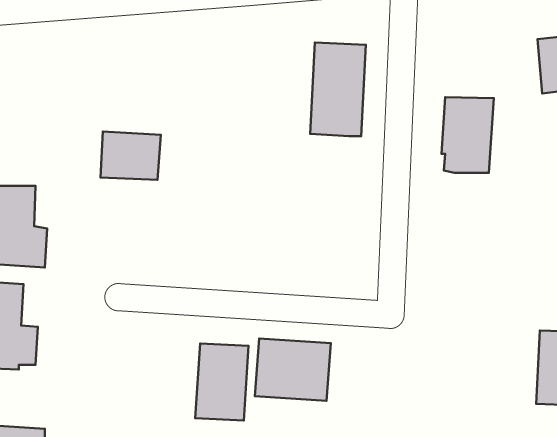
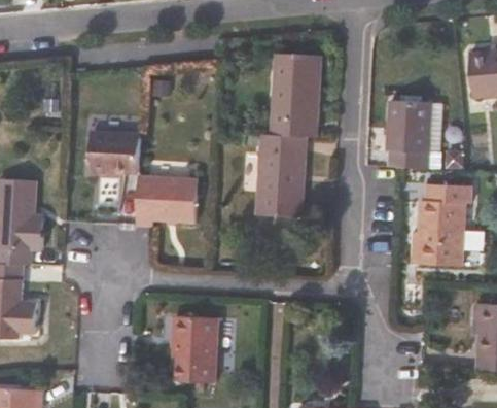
building: none -> [255,133,306,215]
building: none -> [136,173,204,227]
building: none -> [416,182,469,265]
building: [255,339,331,401] -> none

